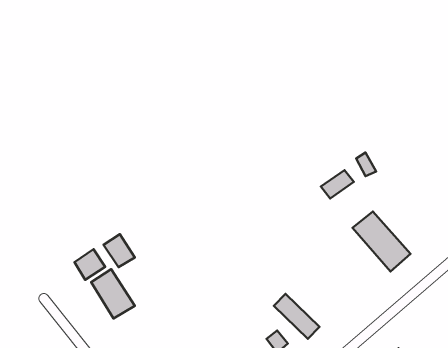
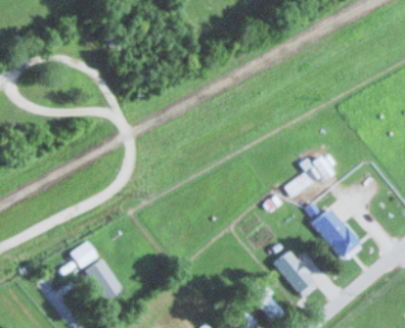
building: [103,234,135,267] -> none
building: none -> [275,251,314,292]

